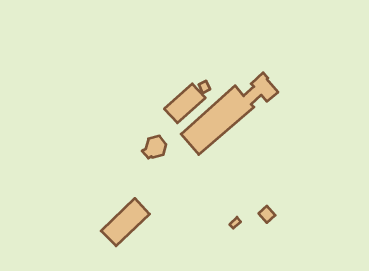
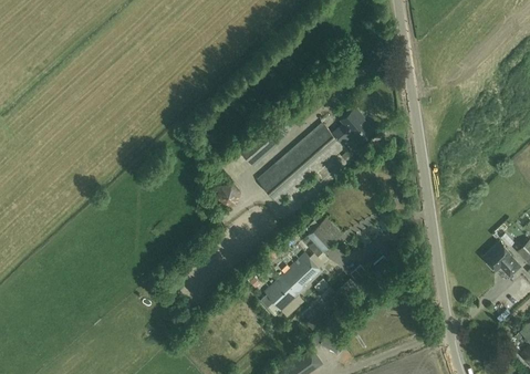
building: none -> [308,218,342,251]
building: [101,198,150,246] -> [264,252,322,309]

